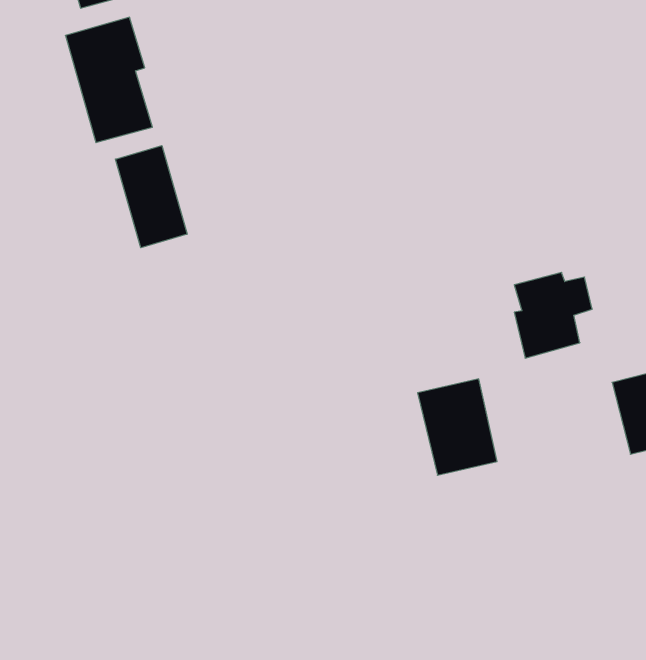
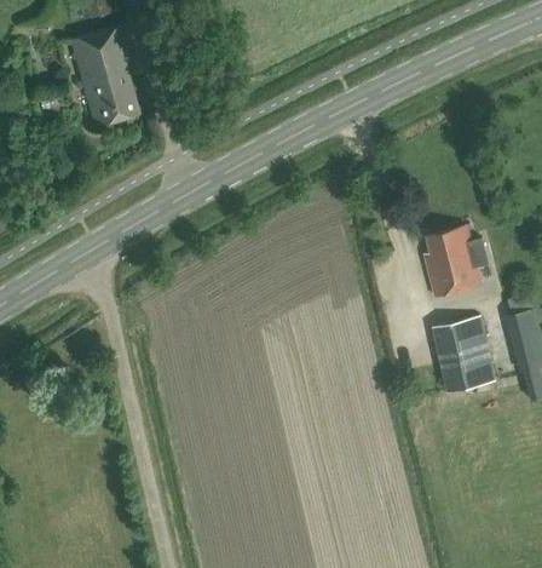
building: [115,146,187,248] -> none
building: [418,379,497,475] -> [432,317,495,394]

